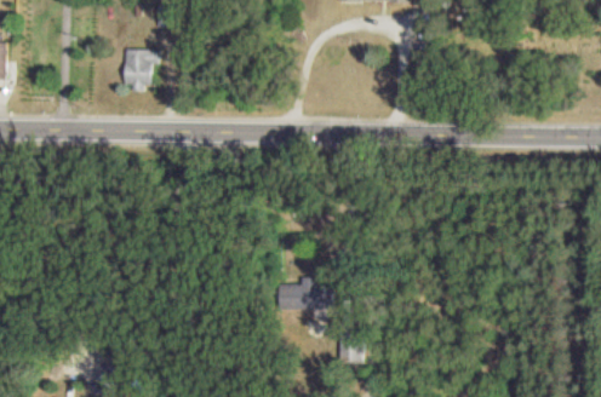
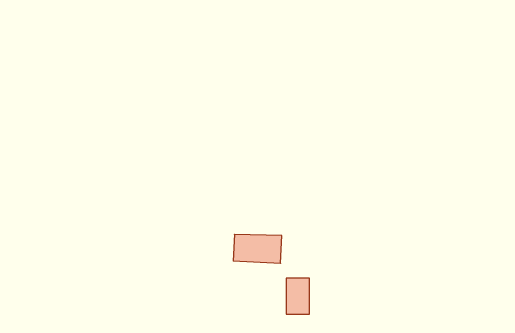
building: [122,48,155,87] -> none

